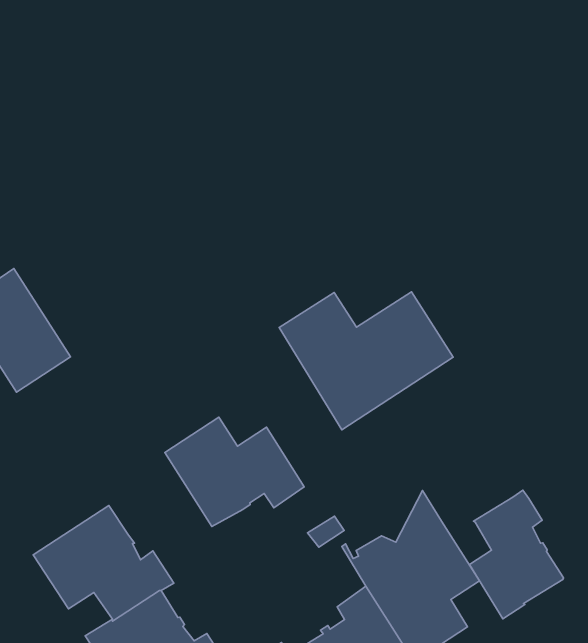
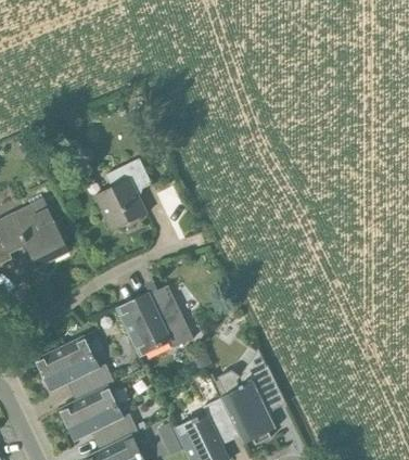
building: none -> [94,158,151,231]
building: [279,292,453,430] -> none
building: [469,490,564,619] -> none

